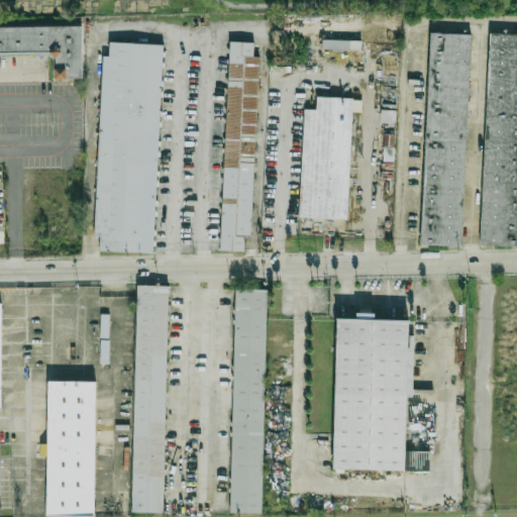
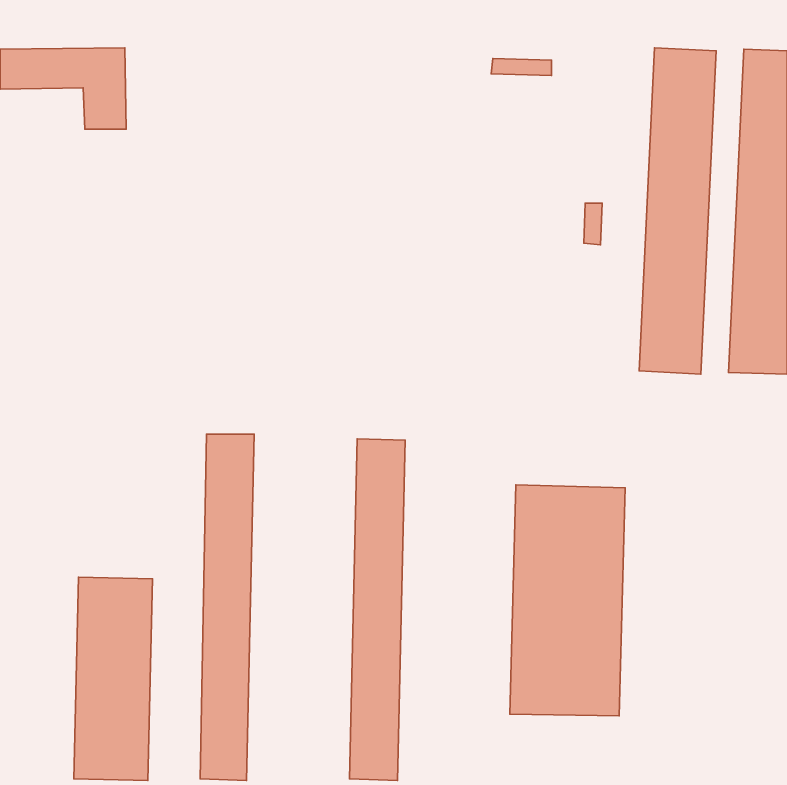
building: [222,38,263,251] -> none
building: [97,40,166,252] -> none
building: [298,96,352,219] -> none

